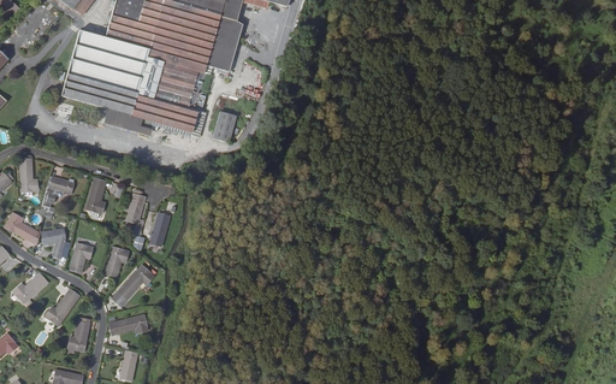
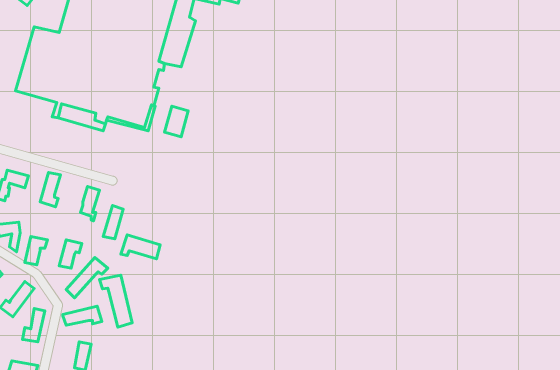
building: none -> [121,235,160,259]
building: none -> [99,275,132,327]

